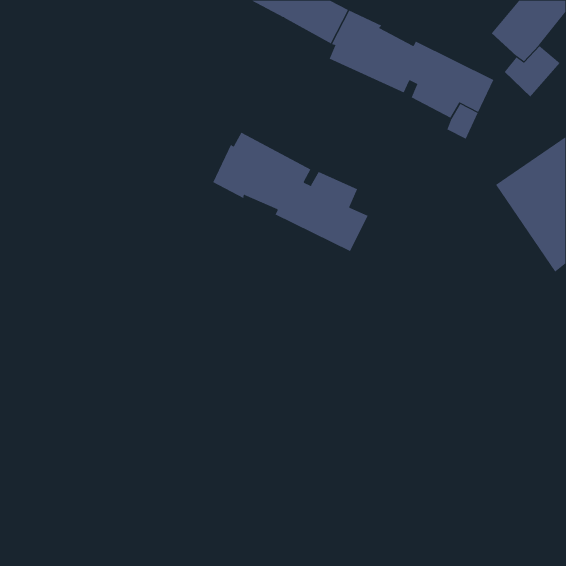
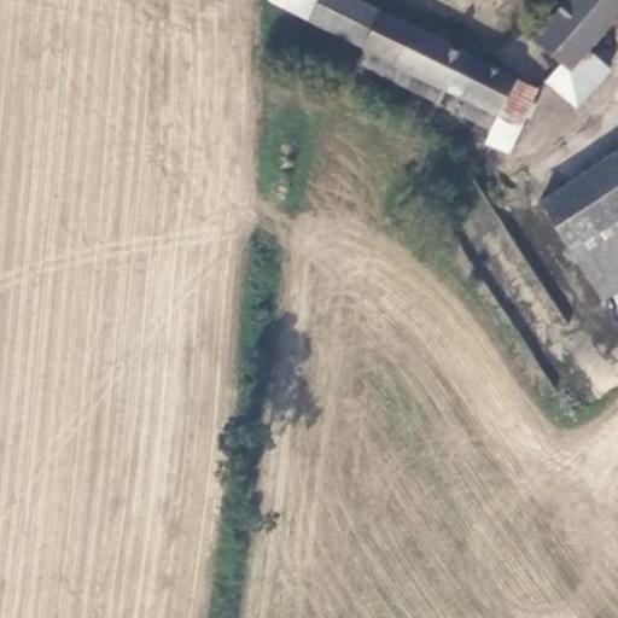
building: [213,132,369,252] -> none

